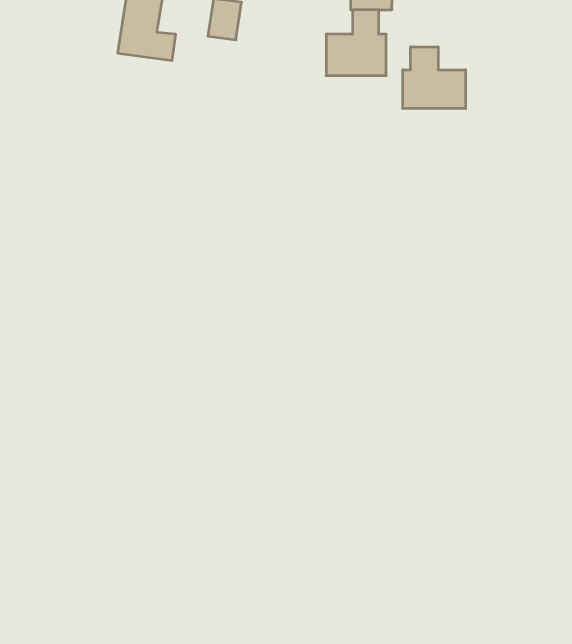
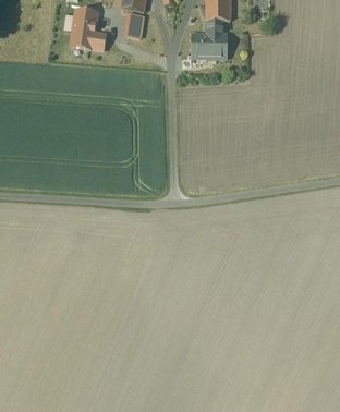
building: [403,47,466,109] -> none

